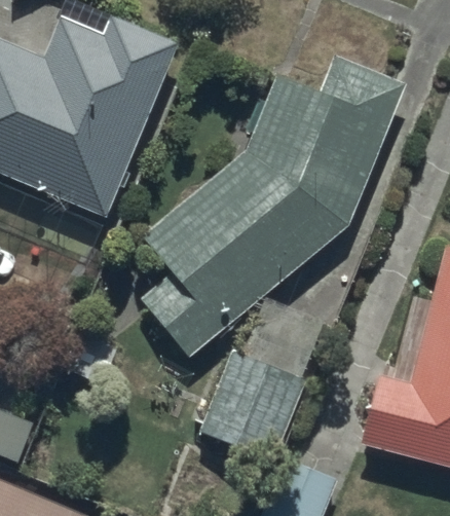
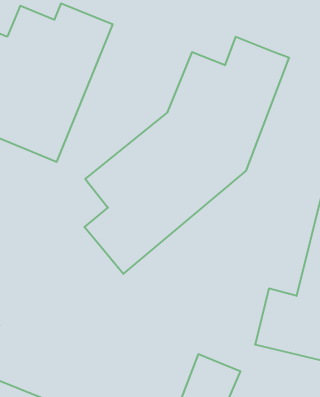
building: [204,352,308,460] -> none

